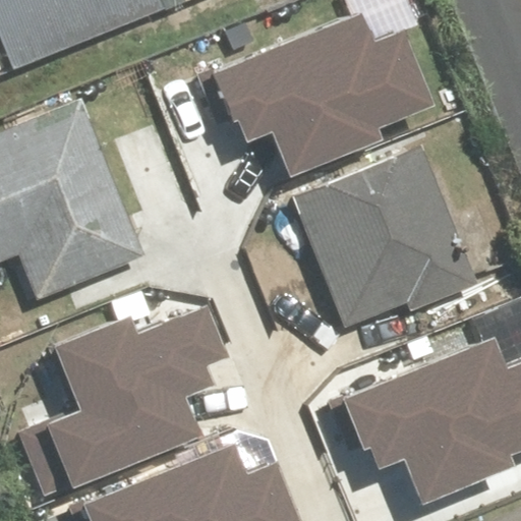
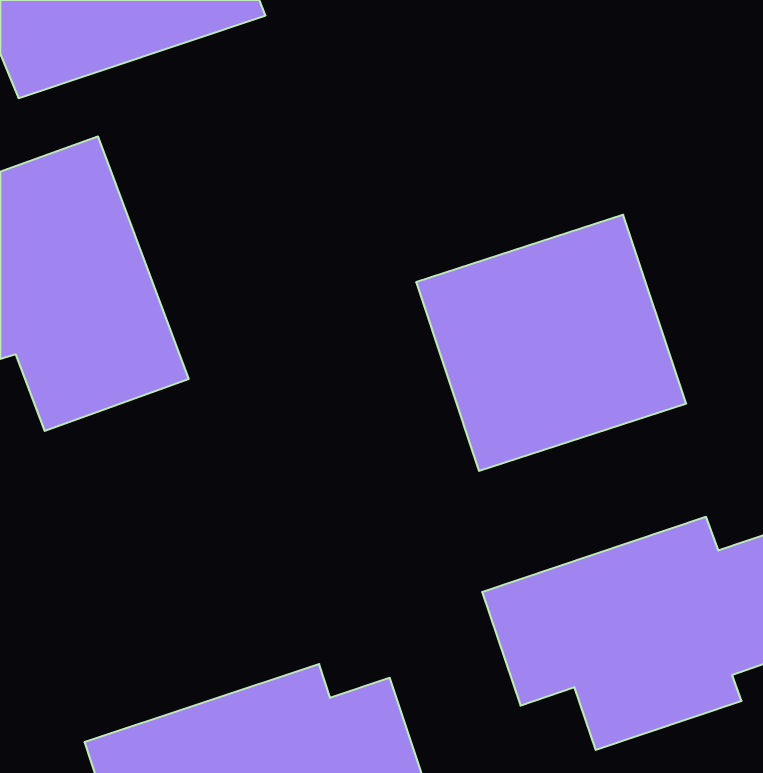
building: [220,25,439,176] -> none
building: [44,307,234,473] -> none

